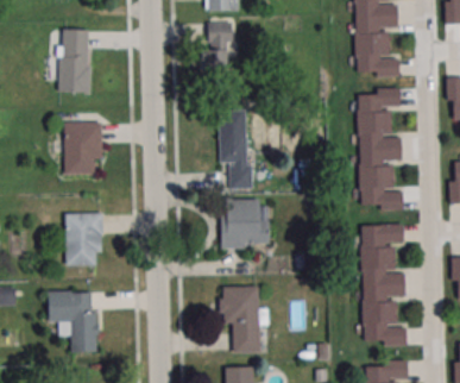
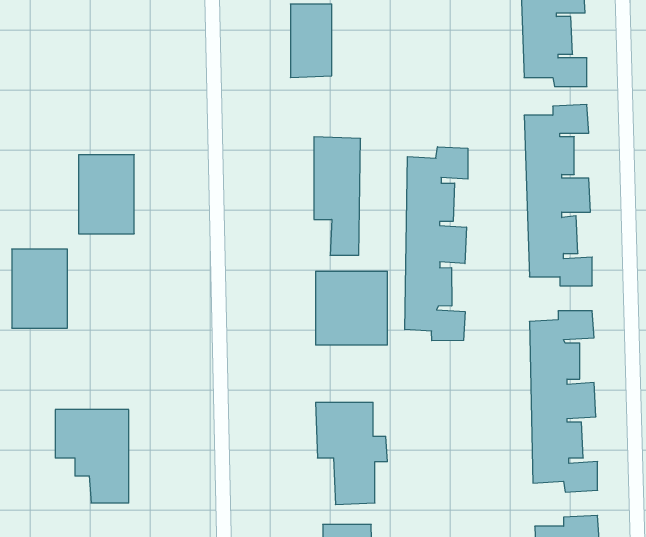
building: [51,29,89,92] -> none
building: none -> [405,147,468,341]
building: [65,213,102,265] -> [12,249,67,328]

